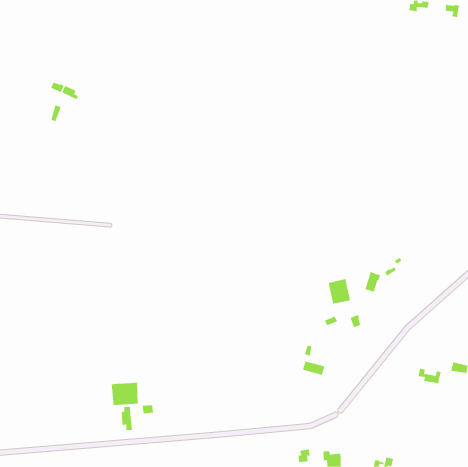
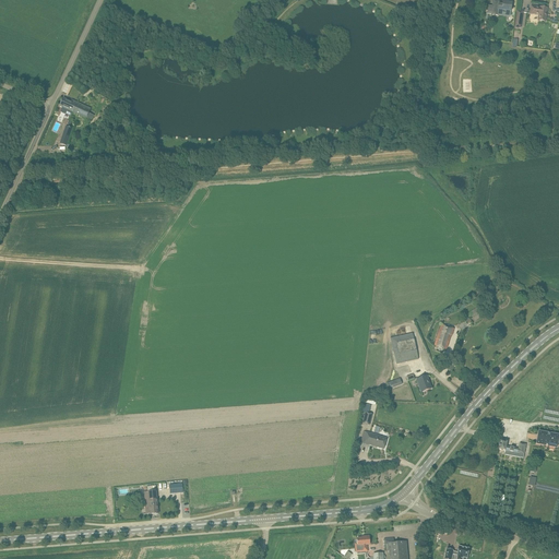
building: [111,382,138,406] -> none

